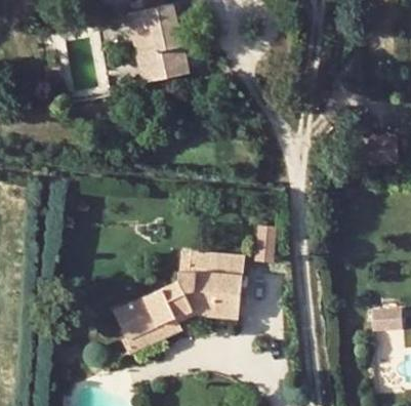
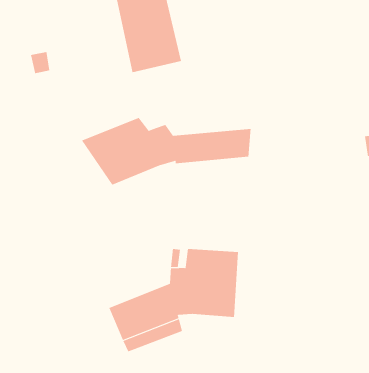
building: none -> [81,117,251,185]

